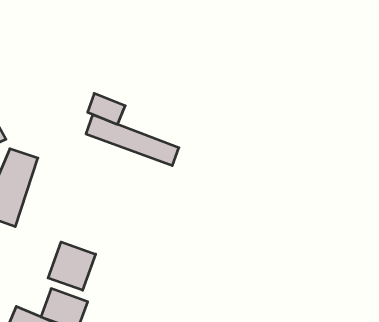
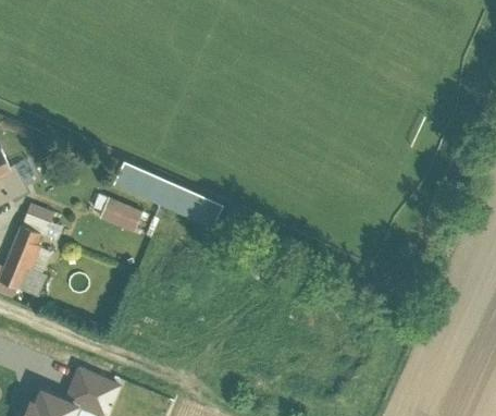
building: [88,93,125,124] -> [100,197,144,233]
building: [48,242,96,290] -> none

